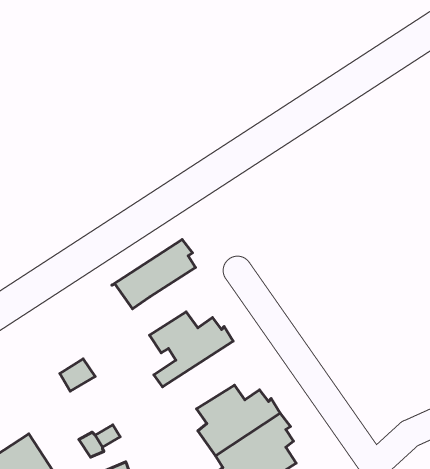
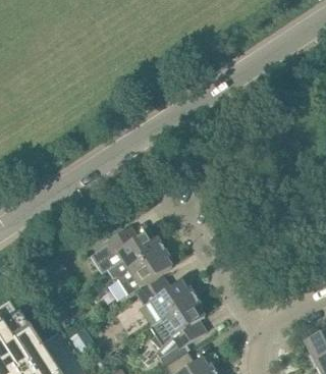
building: [112,240,196,309] -> [114,247,172,295]

